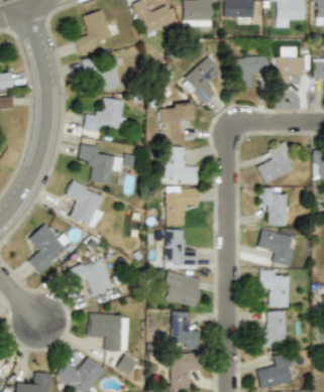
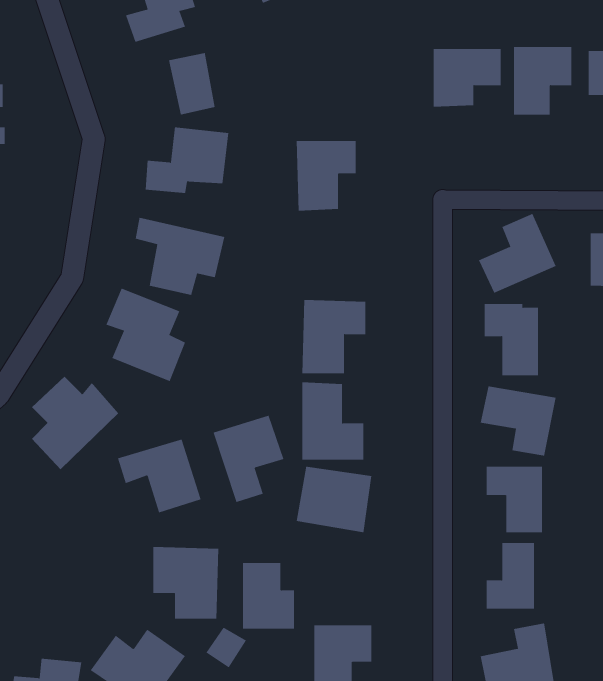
building: [181,56,222,104] -> none
building: [165,146,198,184] -> none
building: none -> [213,415,284,503]
building: [171,311,198,346] -> [242,563,295,629]

